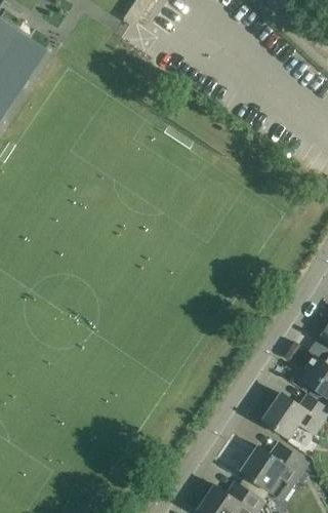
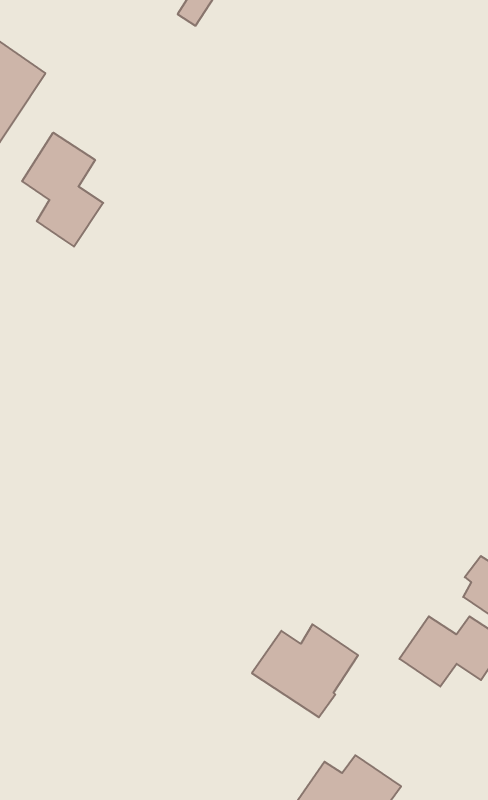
building: none -> [22,133,103,247]
building: [241,441,308,500] -> [252,624,358,717]

